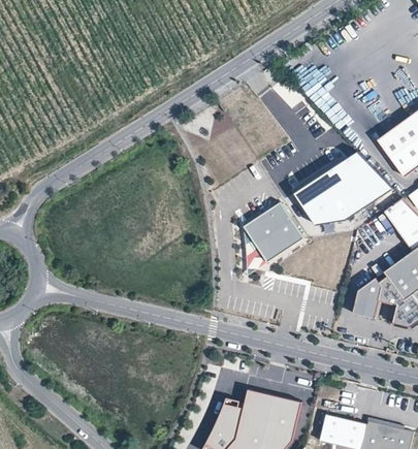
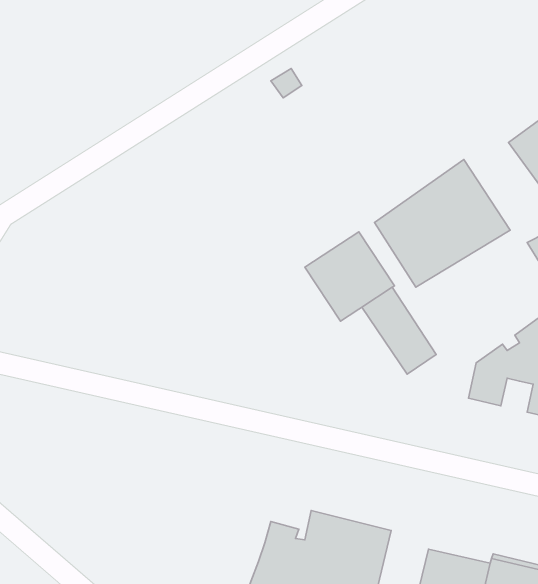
building: none -> [362,287,436,374]

